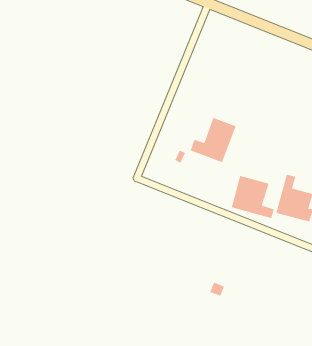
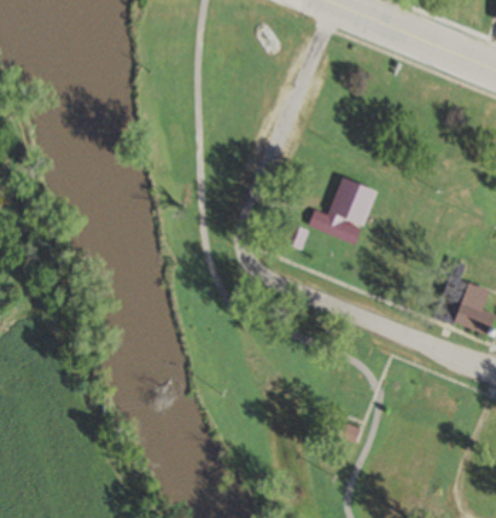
building: [231,175,274,219] -> none

